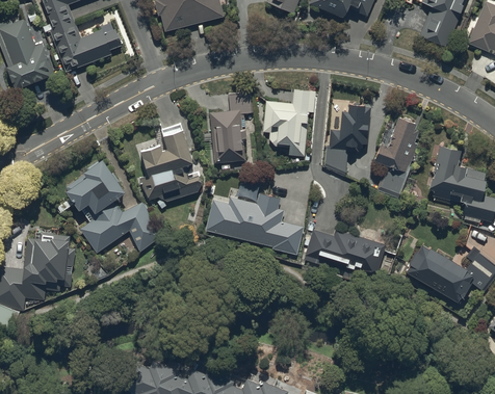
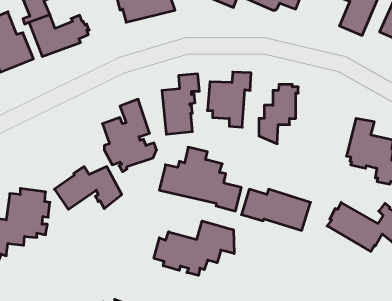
building: [373,116,417,196] -> none
building: [66,159,125,213] -> none
building: none -> [154,221,234,275]

